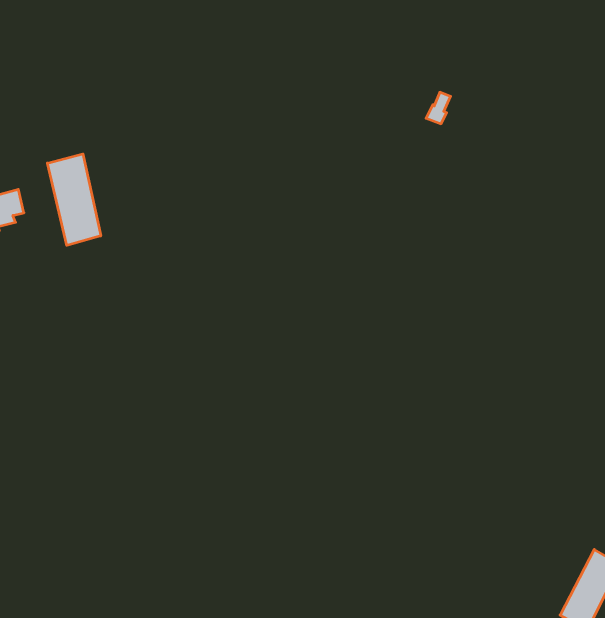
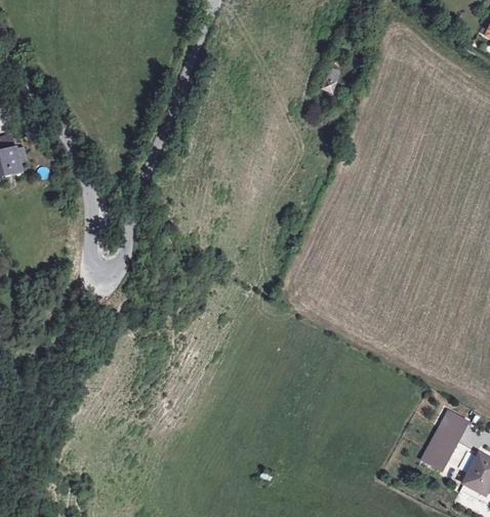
building: [47,154,101,245] -> none

